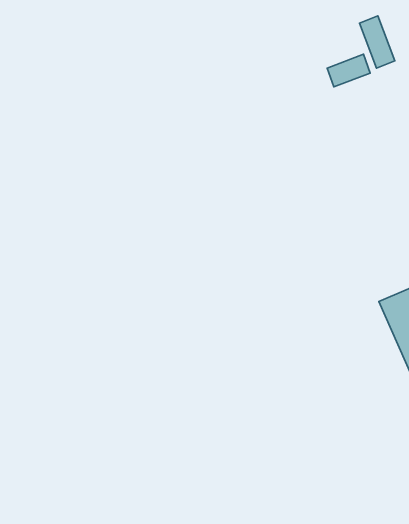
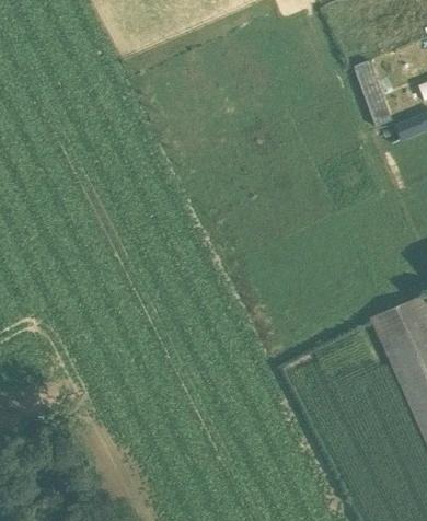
building: [327,54,370,87] -> none

